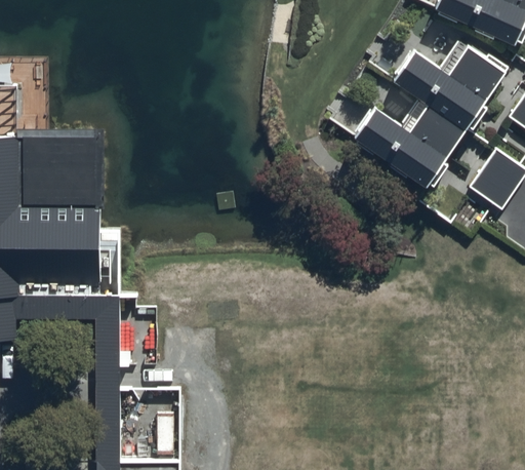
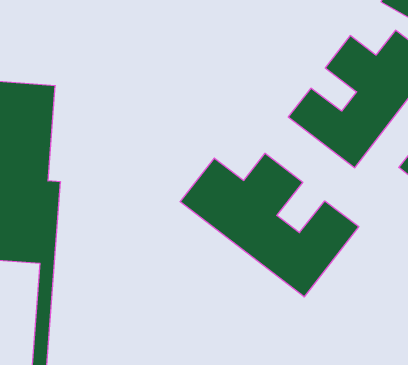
building: none -> [180,153,359,297]

